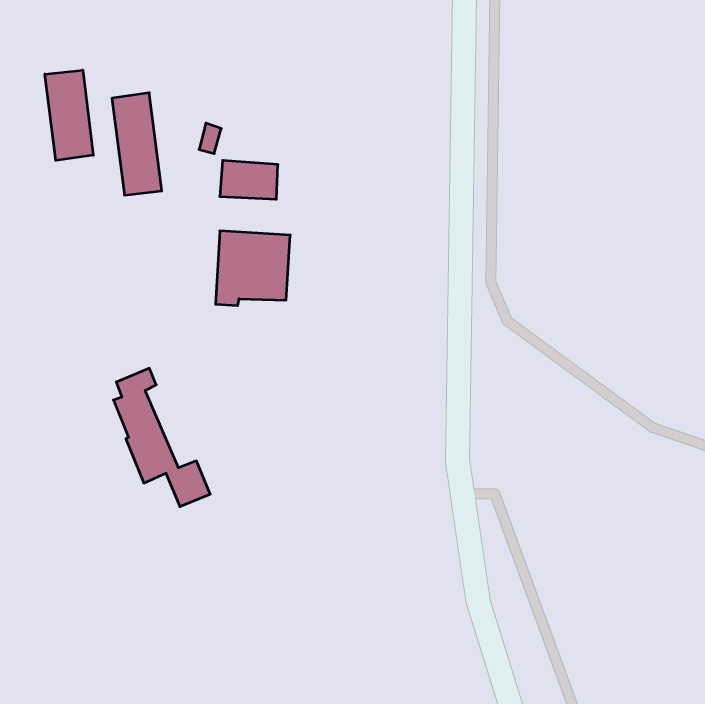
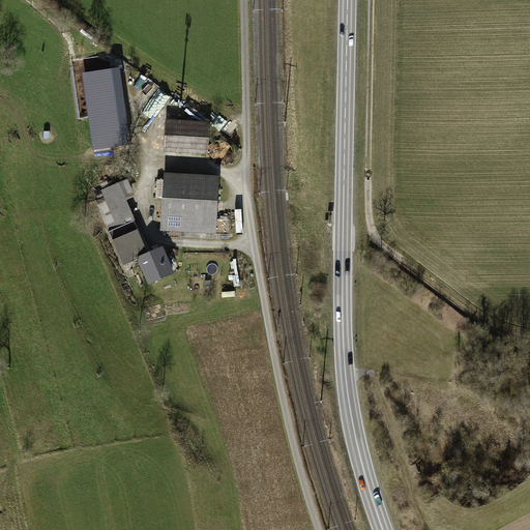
building: [45,70,93,160] -> none
building: [113,368,210,507] -> [99,178,172,282]

